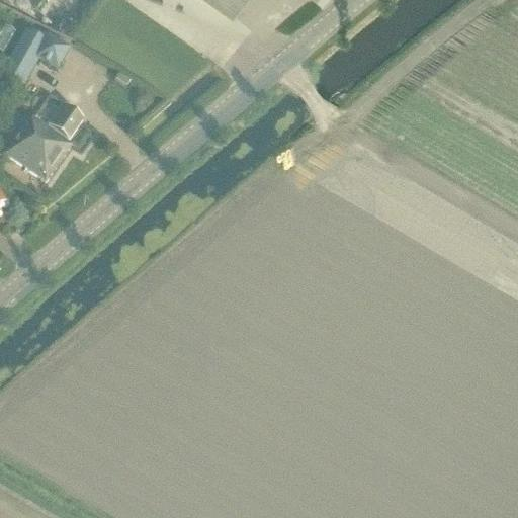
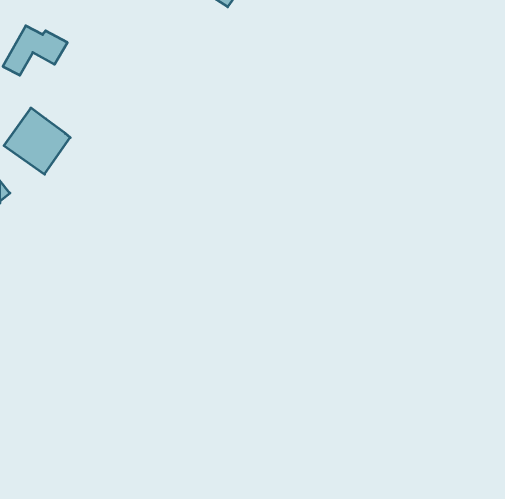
building: [47,98,83,137] -> none

